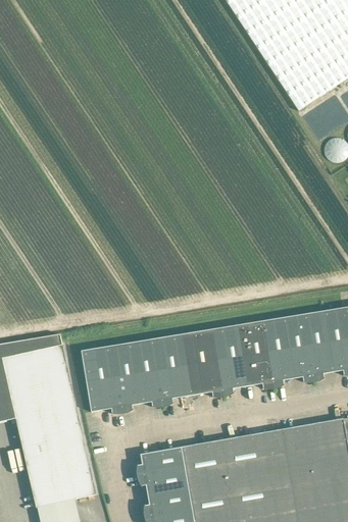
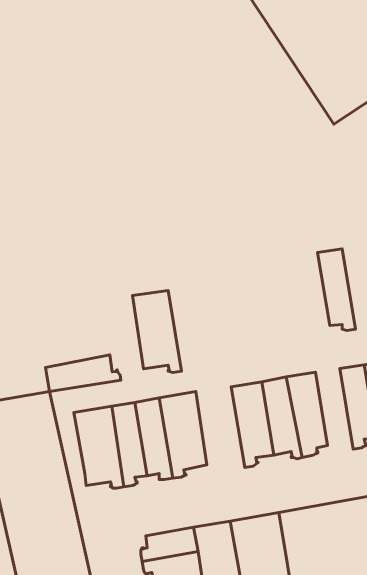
building: none -> [46,355,121,392]
building: [283,314,314,382] -> [318,249,355,331]
building: [183,329,223,398] -> [133,291,181,372]

